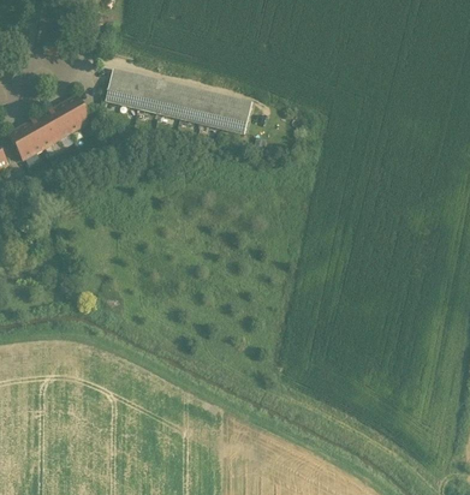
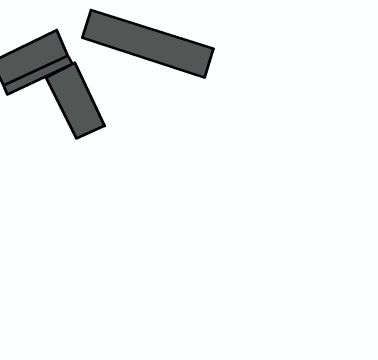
building: none -> [46,63,105,138]

